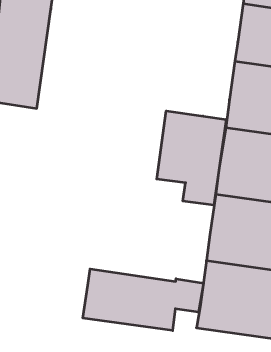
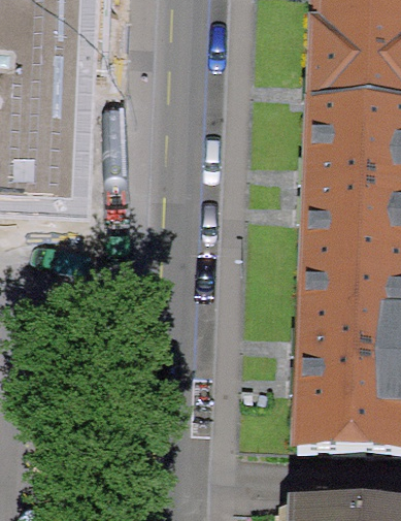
building: [157,111,226,205] -> none
building: [83,269,203,331] -> none

